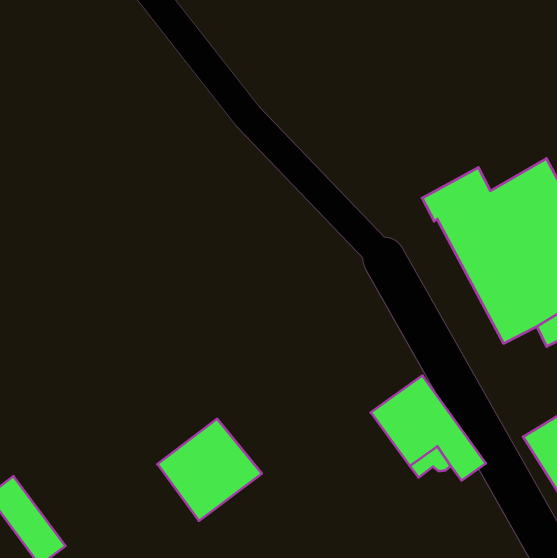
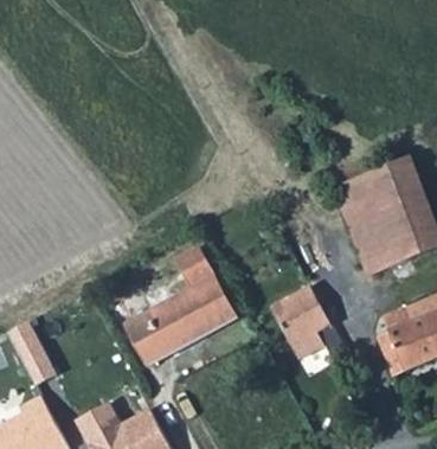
building: none -> [168,251,233,340]

